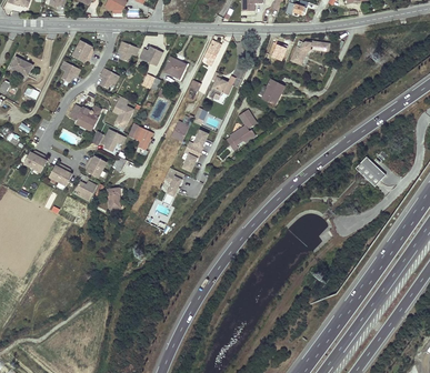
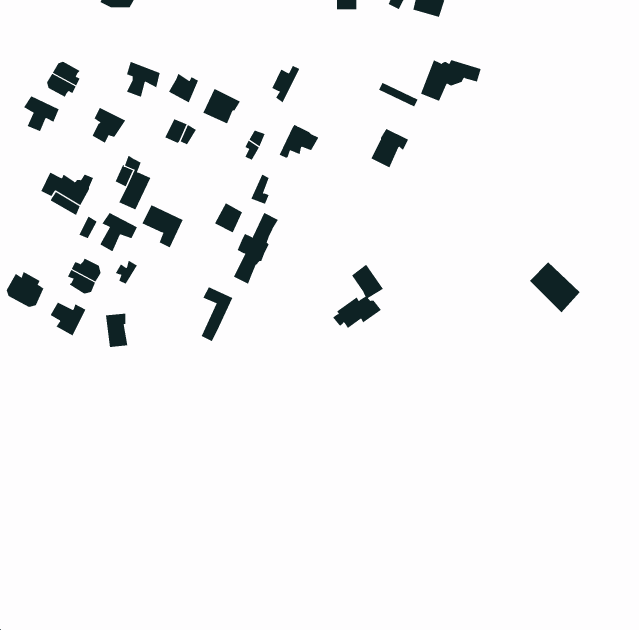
building: [228,110,258,148] -> [332,264,384,329]

